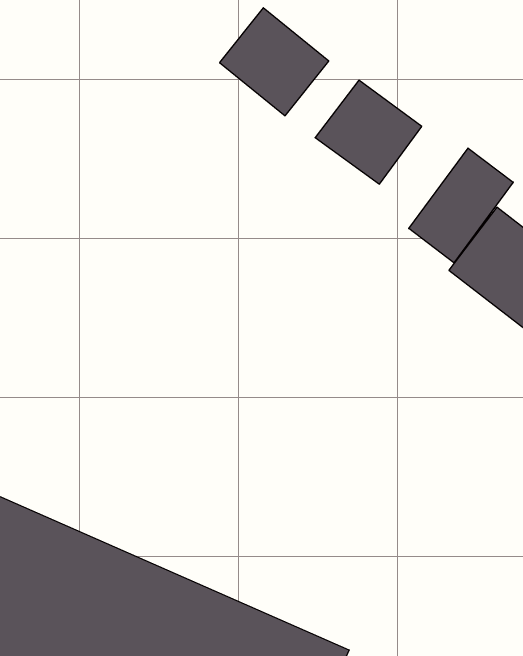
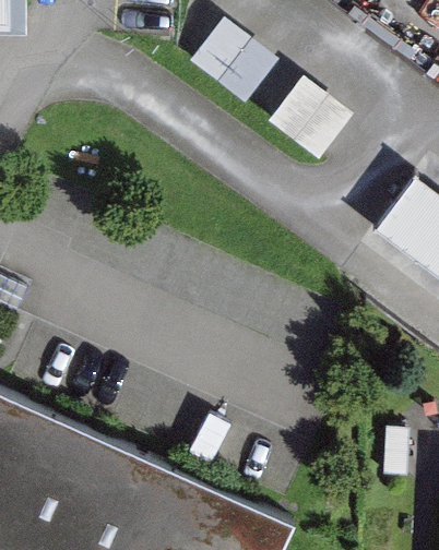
building: [409,148,513,263] -> none

